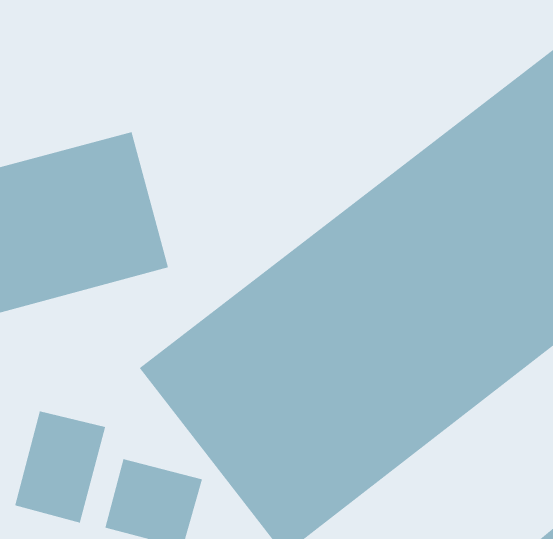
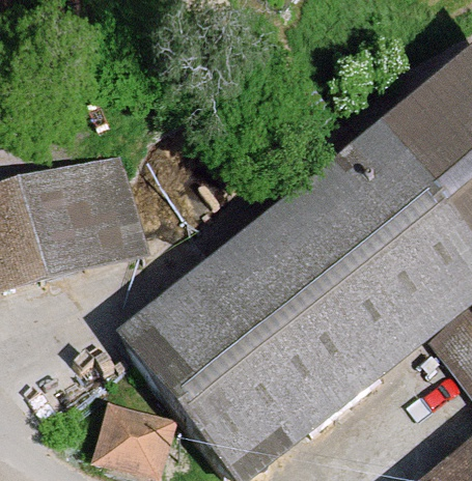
building: [14,411,106,523] -> none

